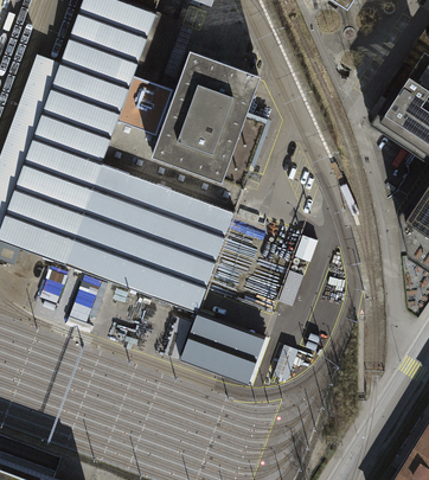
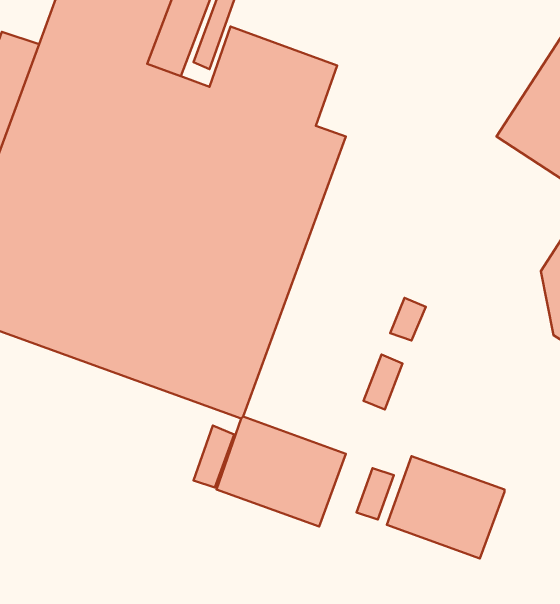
building: none -> [387,456,505,558]

